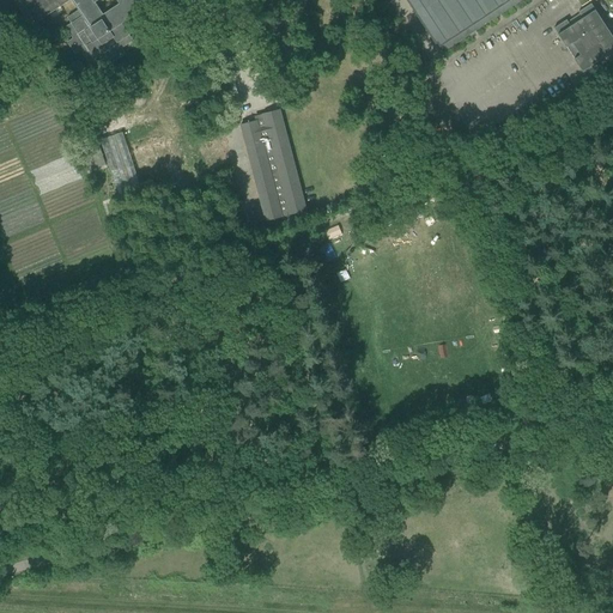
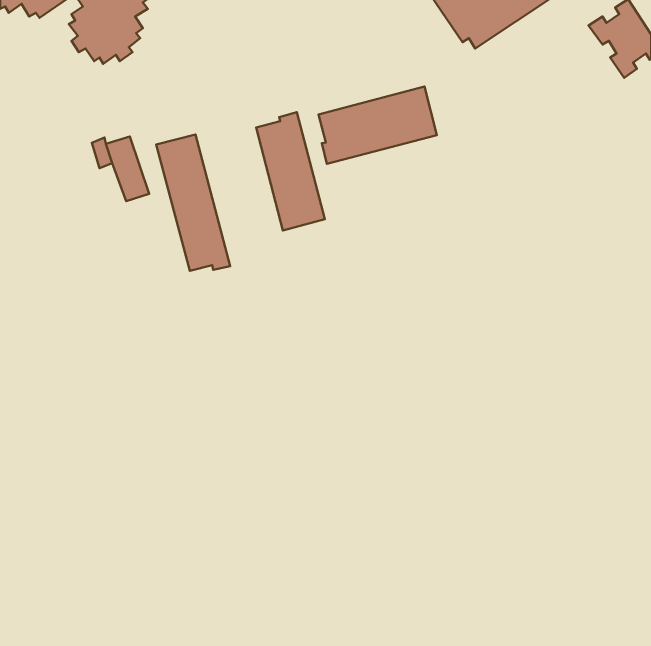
building: none -> [319,87,437,164]
building: none -> [156,135,230,271]

